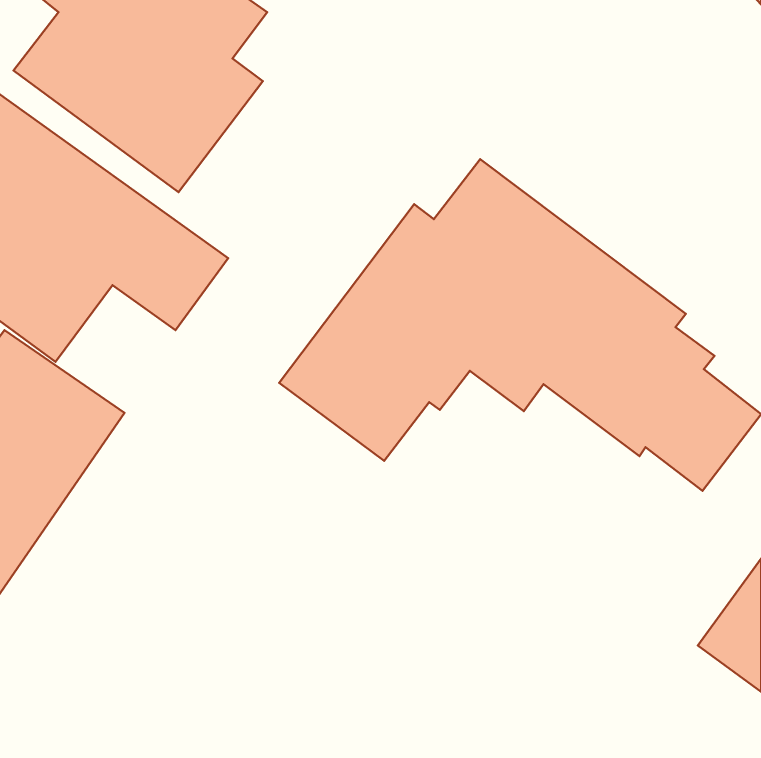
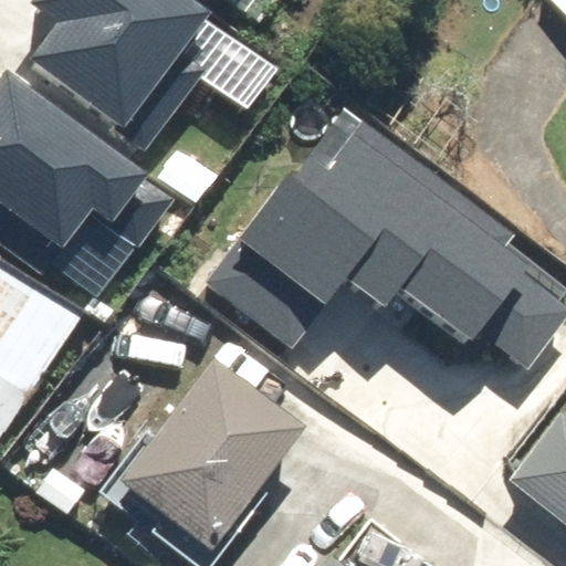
building: none -> [129,354,313,544]

